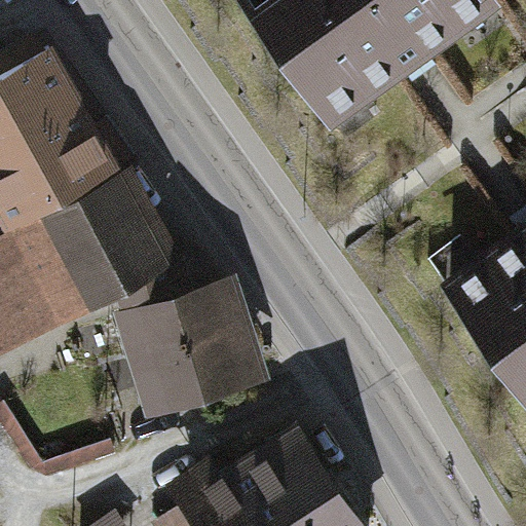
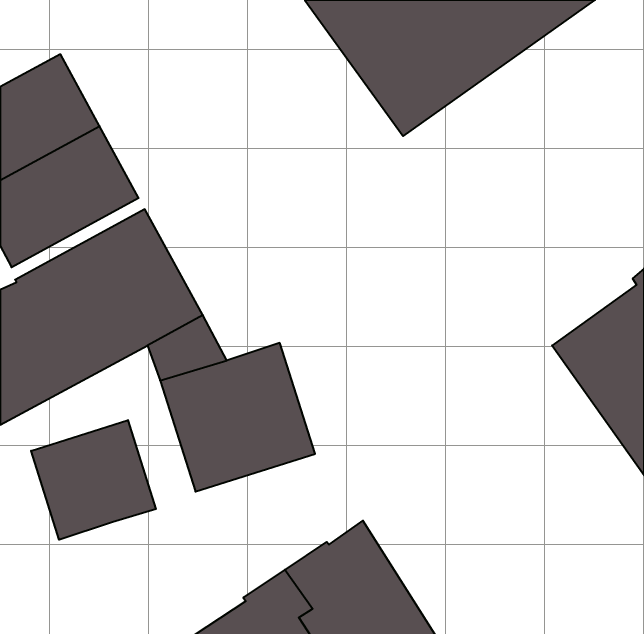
building: none -> [31,420,156,540]

